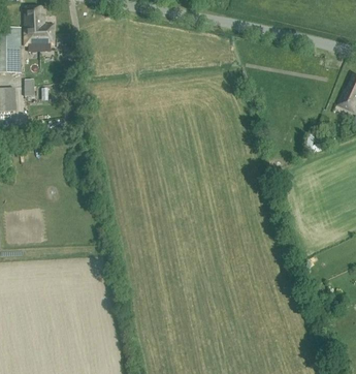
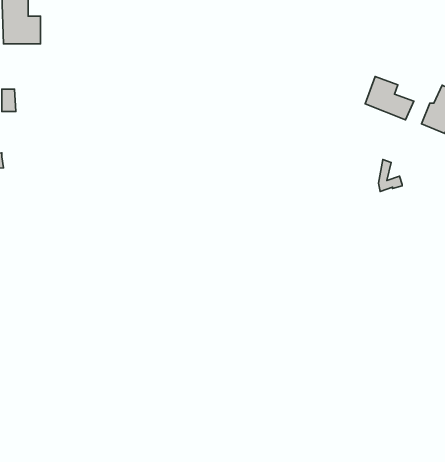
building: none -> [365,76,414,120]

